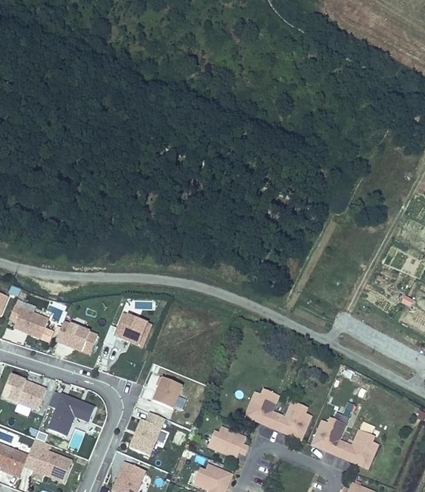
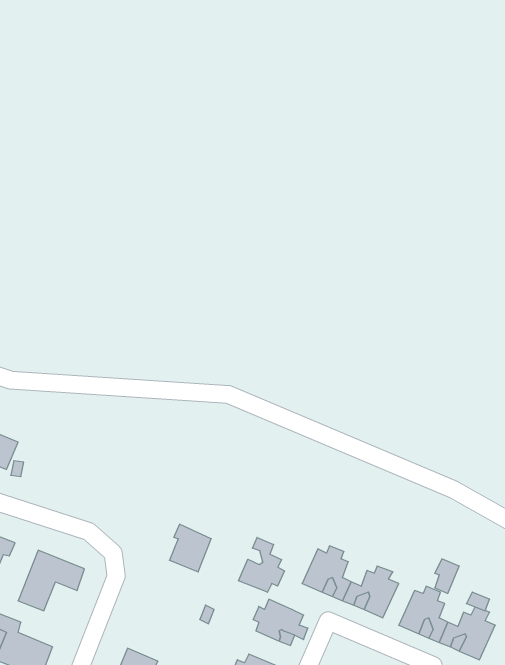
building: [115,312,151,345] -> none
building: [55,319,97,352] -> none
building: none -> [239,537,284,592]
building: [129,417,161,453] -> none

